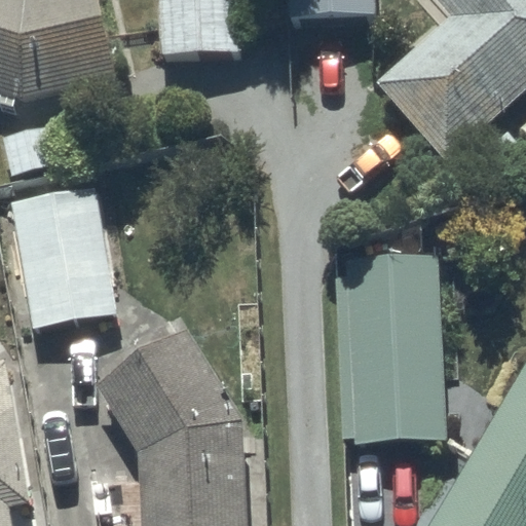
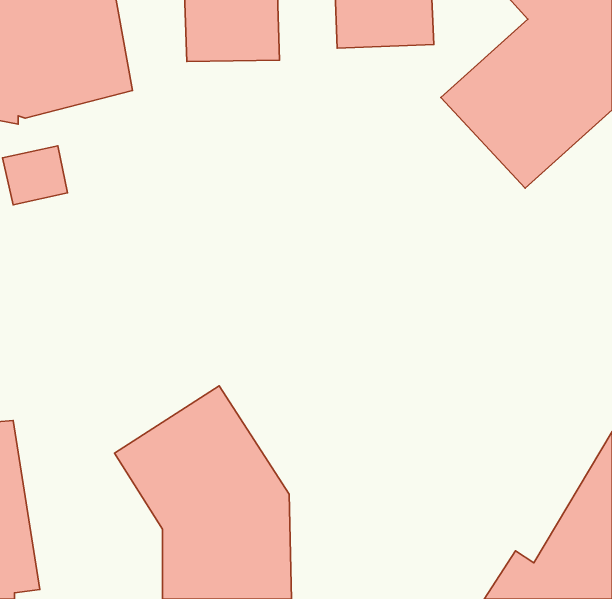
building: [9,181,120,325] -> none
building: [335,255,446,443] -> none

